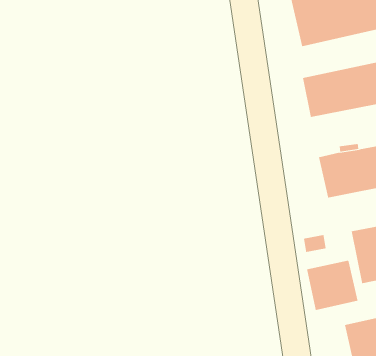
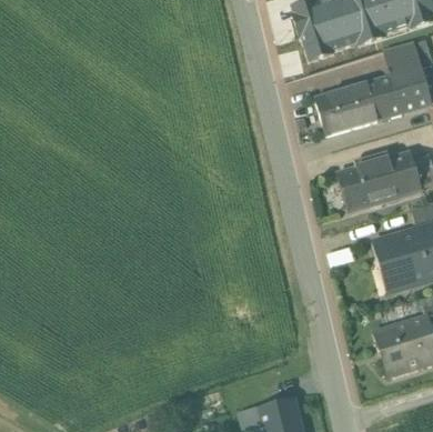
building: [307,260,358,311] -> none

